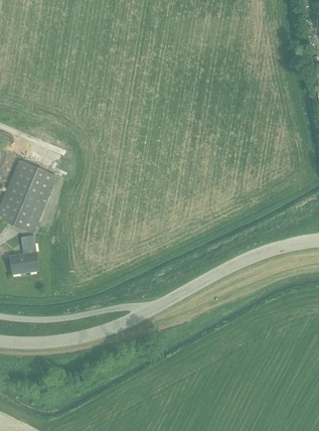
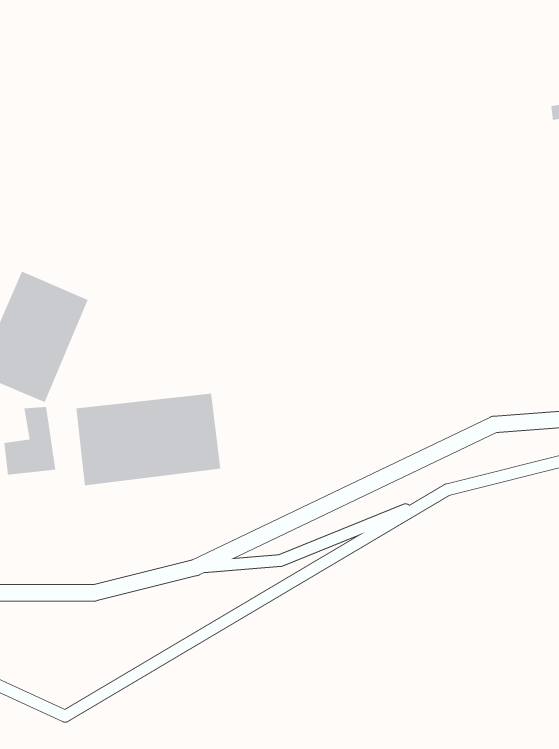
building: none -> [76,393,221,486]

